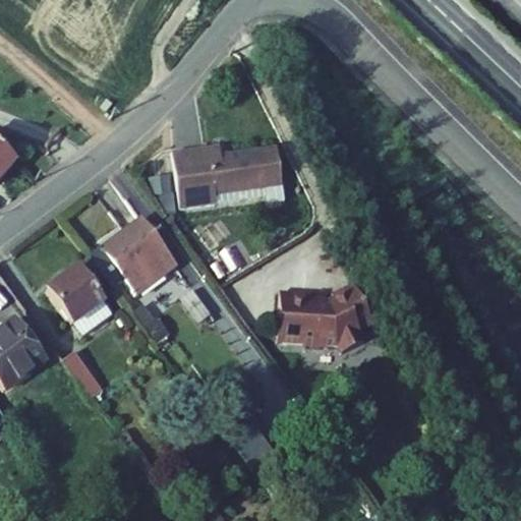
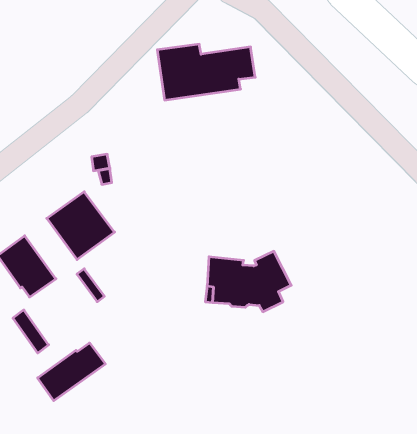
building: [173,143,282,206] -> [157,44,255,100]
building: none -> [38,343,105,401]

